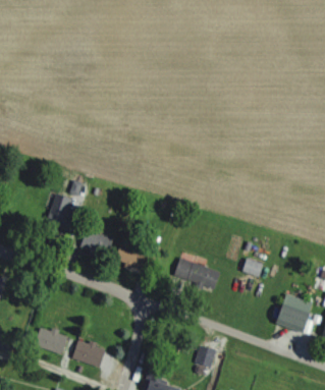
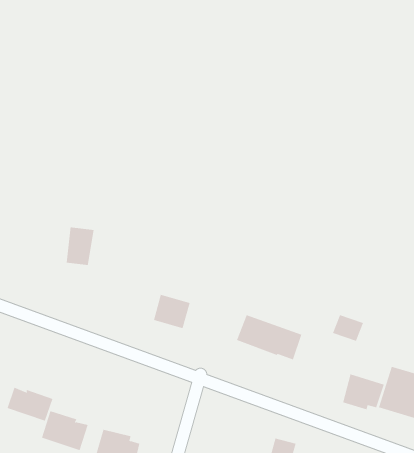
building: [80,230,114,256] -> none
building: none -> [342,374,384,410]
building: none -> [7,387,53,421]

